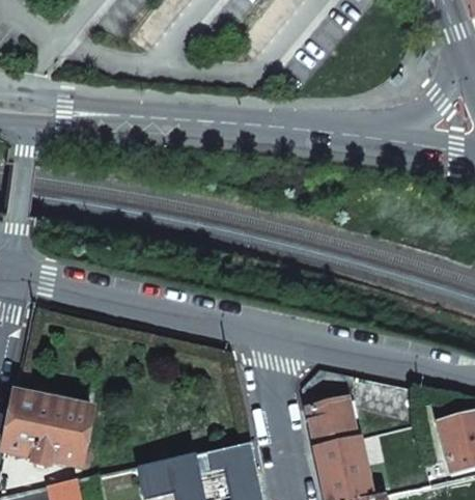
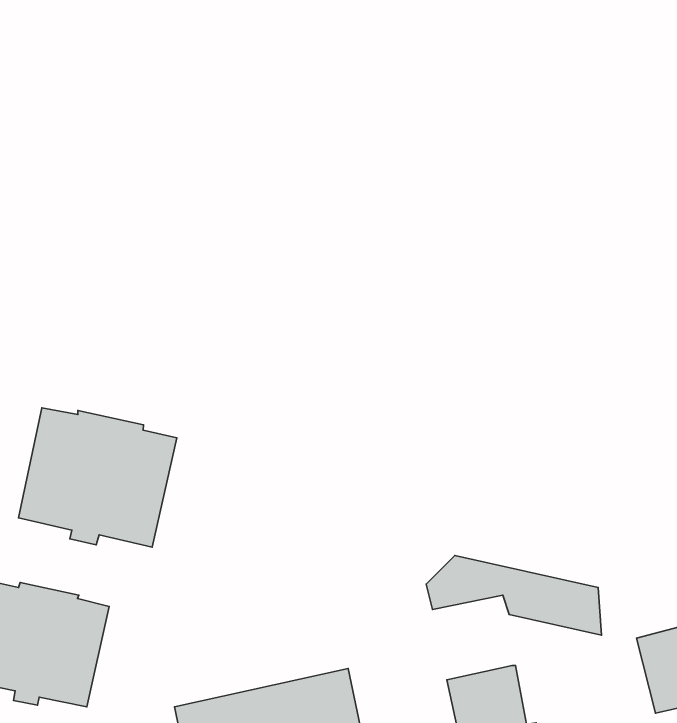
building: none -> [19,408,177,547]
building: [306,402,357,452] -> none

